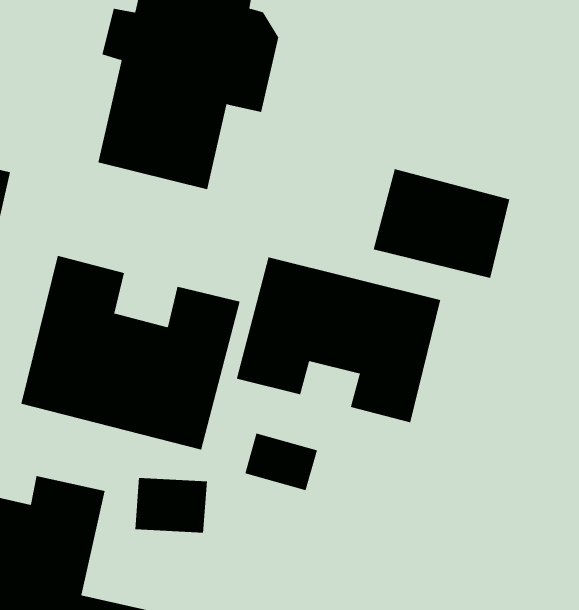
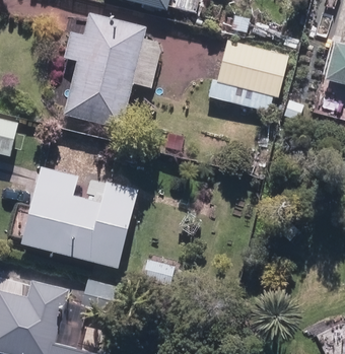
building: [373,168,510,278] -> [214,40,286,97]
building: [236,256,441,423] -> none

